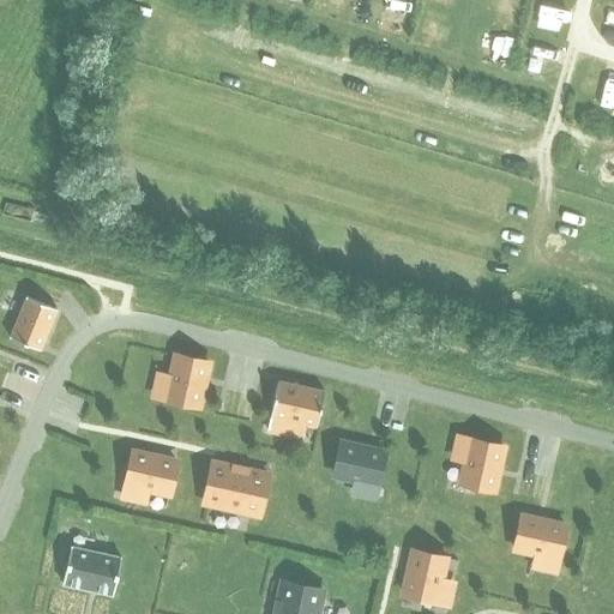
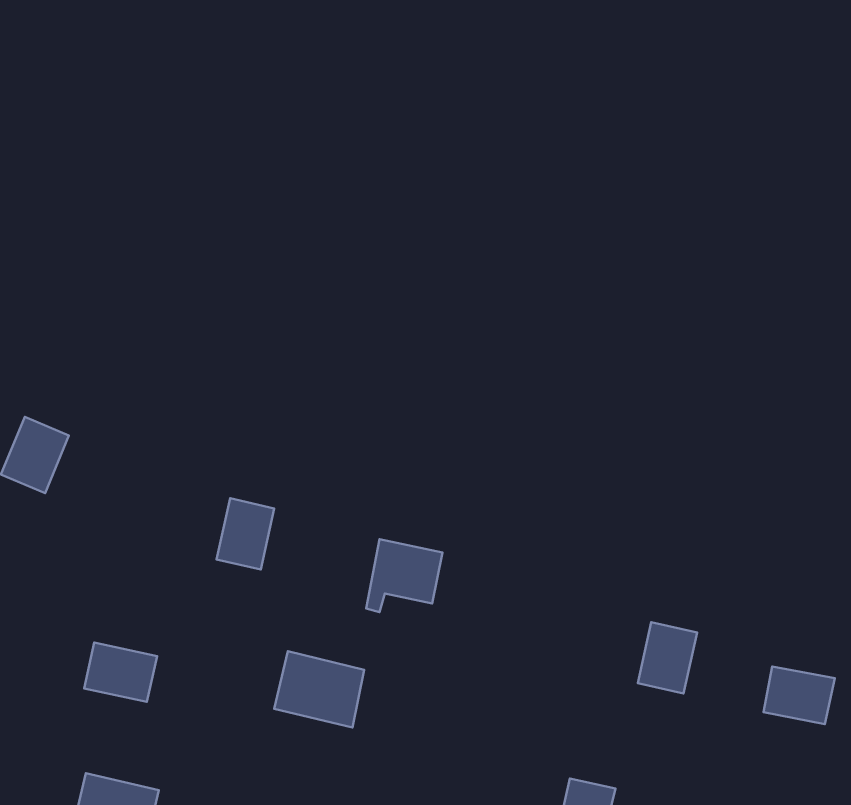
building: [335,444,385,486] -> none
building: [126,451,177,493] -> [84,643,157,702]
building: [516,517,566,558] -> [764,666,835,724]

